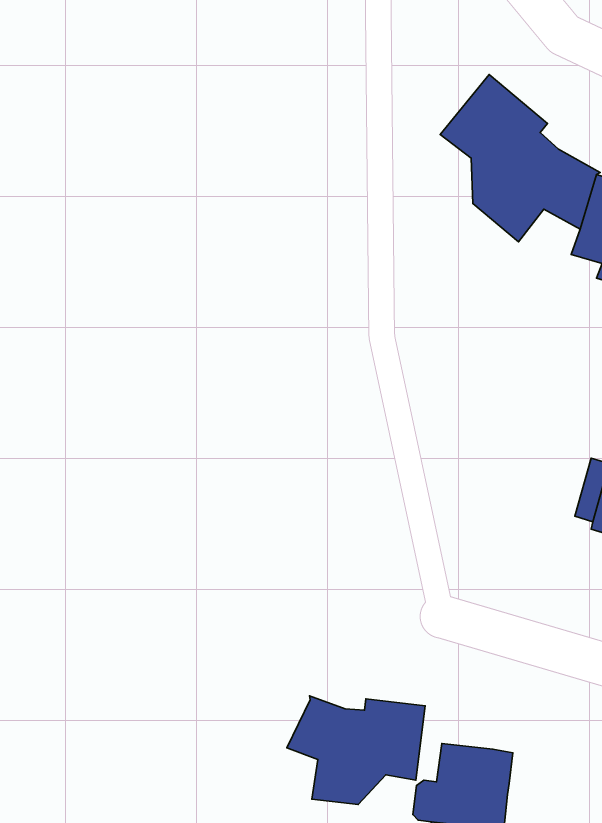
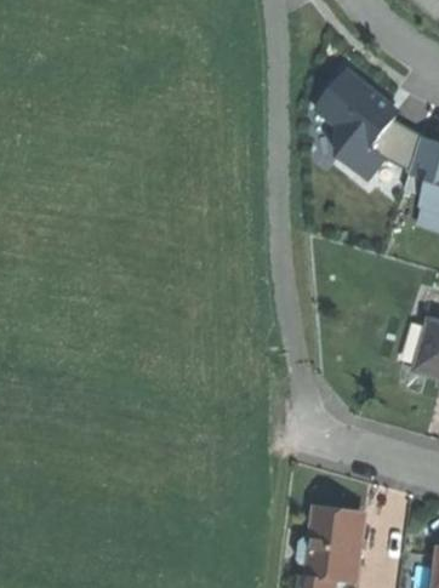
building: [287,696,425,804] -> none

